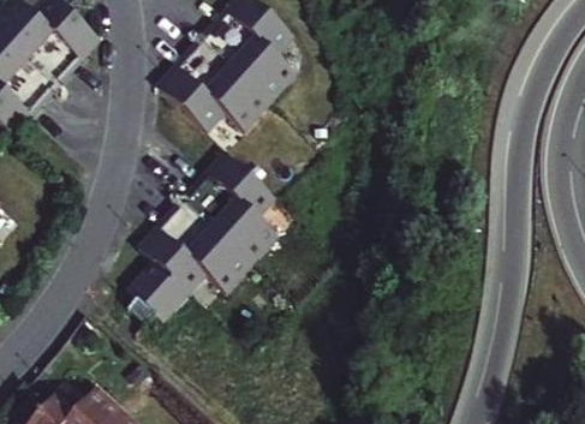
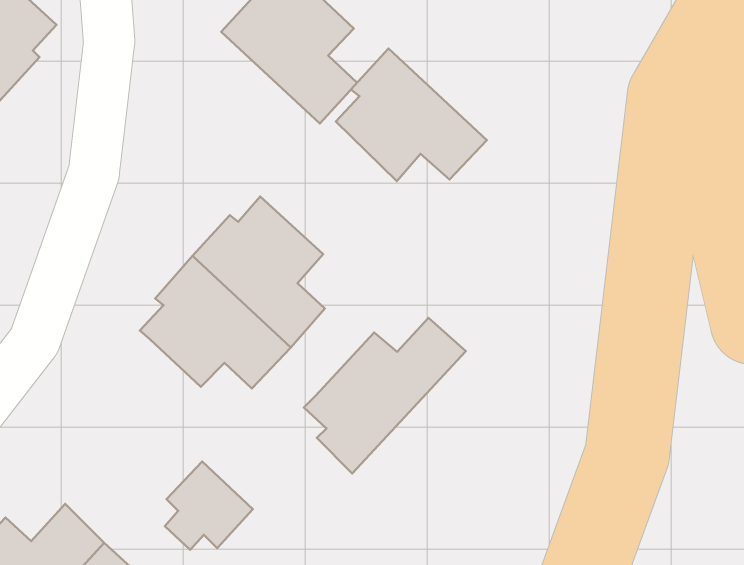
building: [167,42,274,136] -> [336,49,487,181]
building: none -> [304,318,466,473]
building: [127,259,190,322] -> [165,462,253,550]

